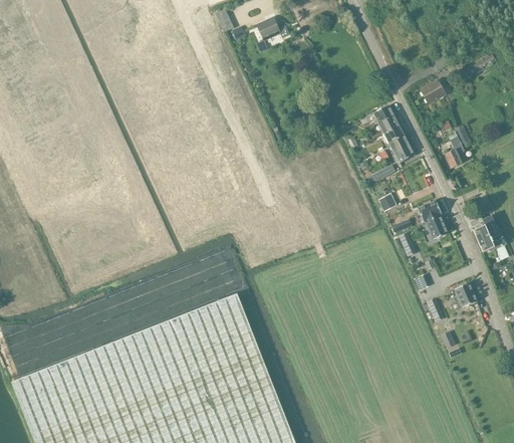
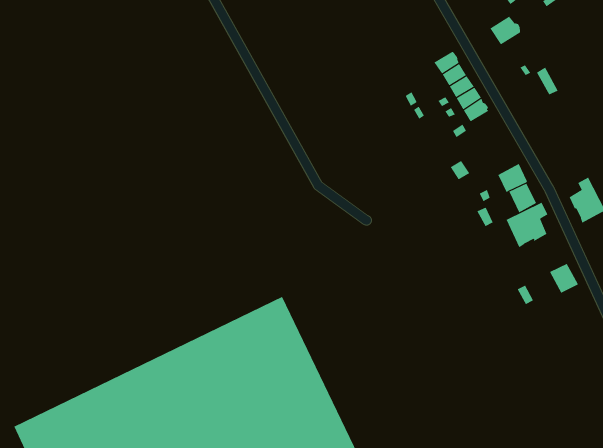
building: [443,132,465,169] -> none
building: none -> [506,202,548,248]

